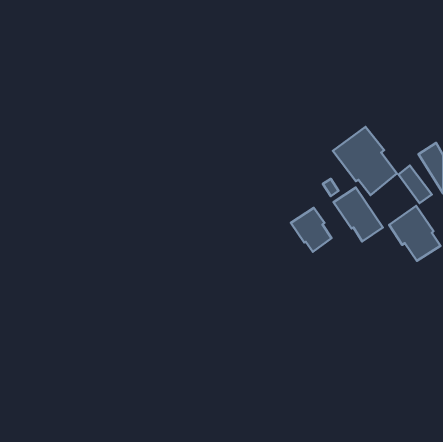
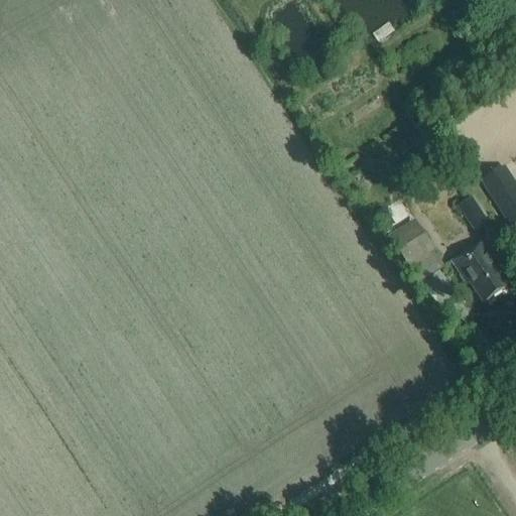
building: [333,127,397,195] -> none
building: [291,208,332,252] -> none

